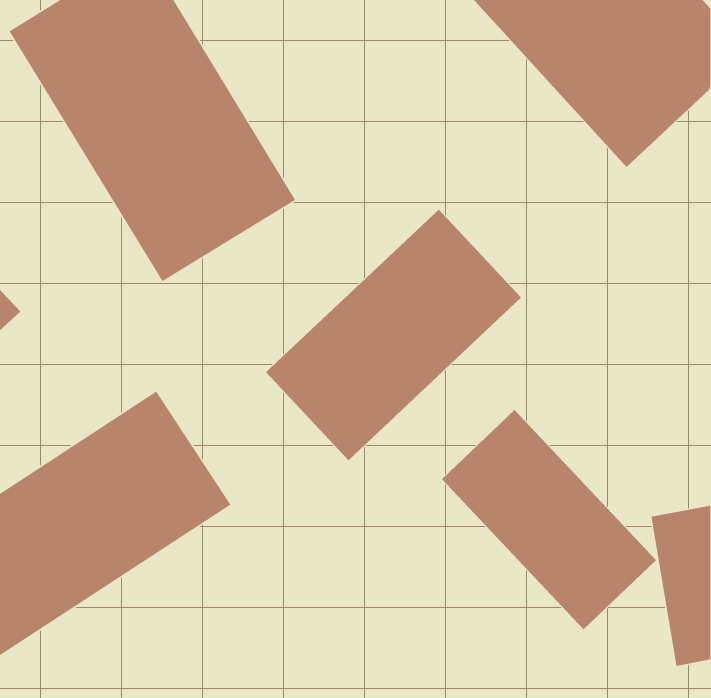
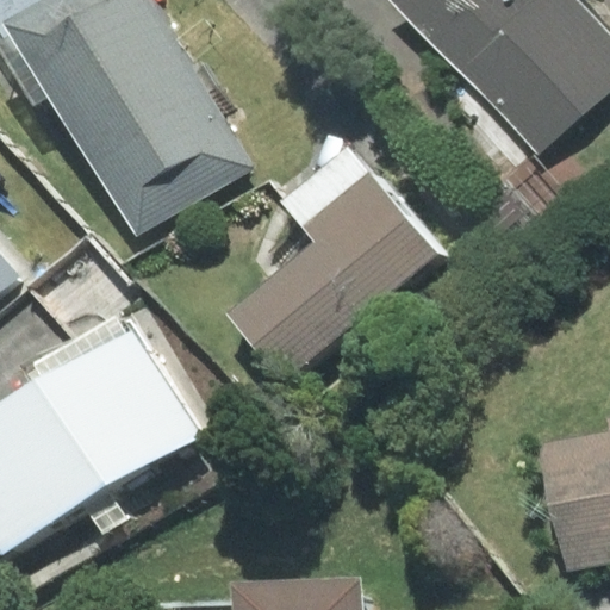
building: [441,409,657,630] -> none

